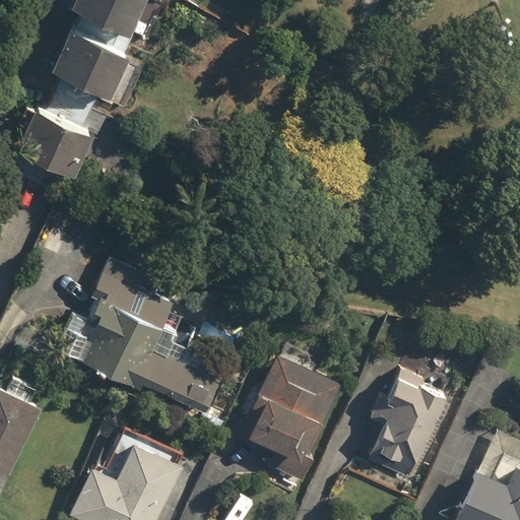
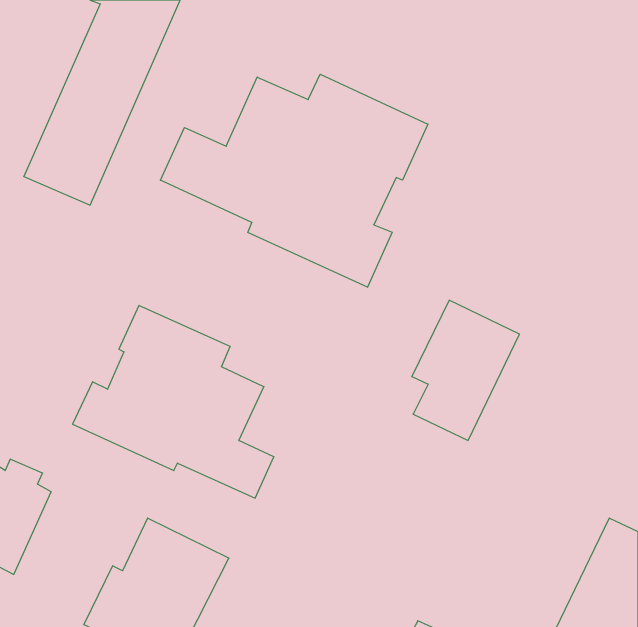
building: none -> [160,74,428,287]
building: [240,356,344,468] -> none
building: [361,369,448,482] -> [412,300,519,440]

